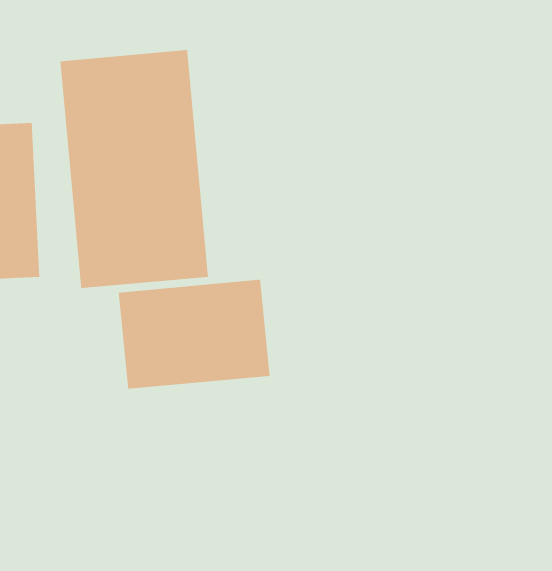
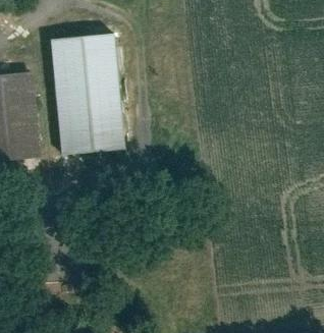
building: [118,279,270,390] -> none

